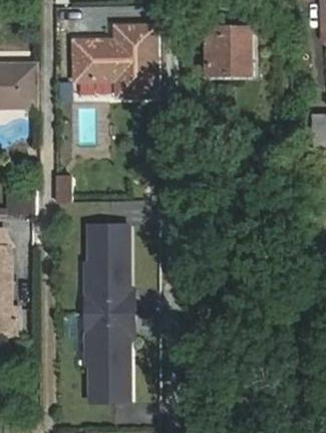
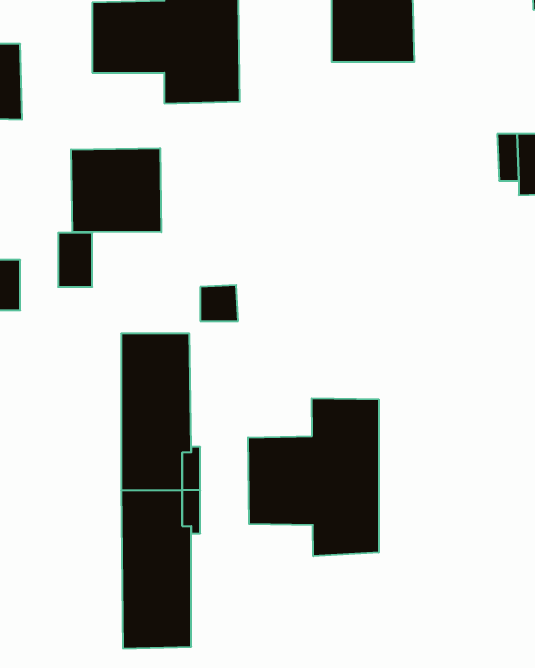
building: none -> [71,148,161,232]
building: none -> [248,398,379,556]

